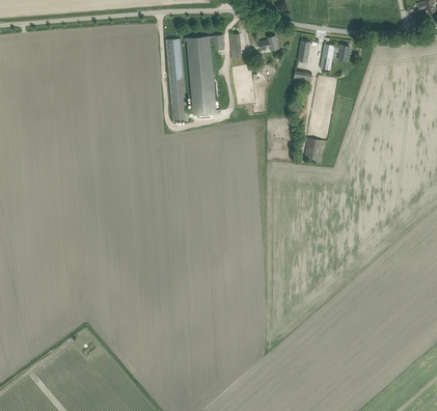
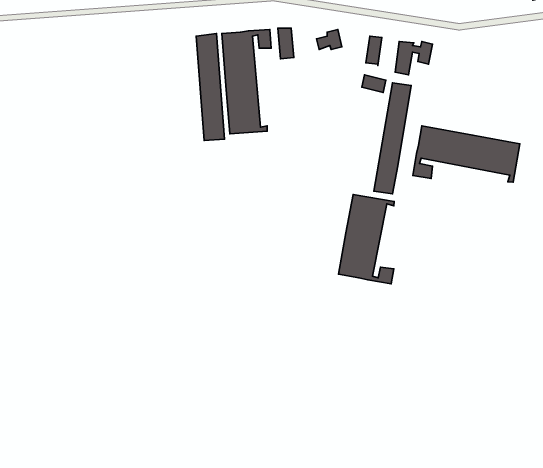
building: none -> [413,126,520,182]
building: none -> [338,194,394,284]

